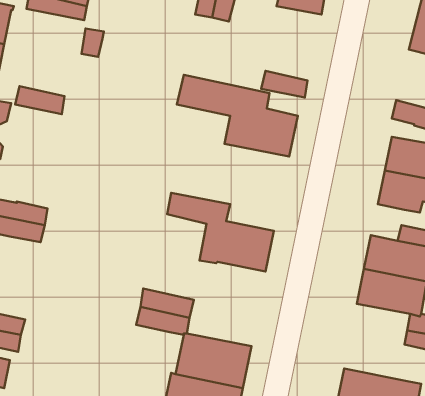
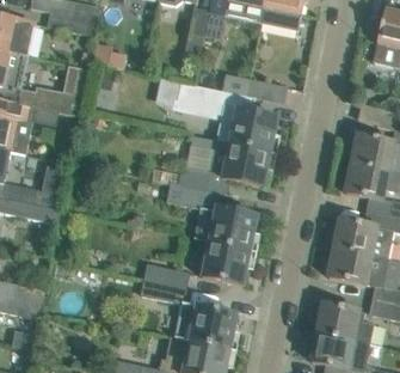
building: none -> [152,135,270,192]
building: none -> [202,240,250,285]
building: none -> [316,301,374,342]

